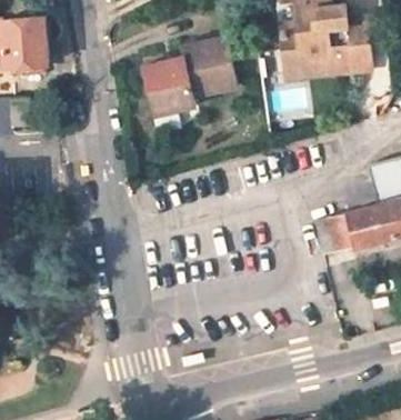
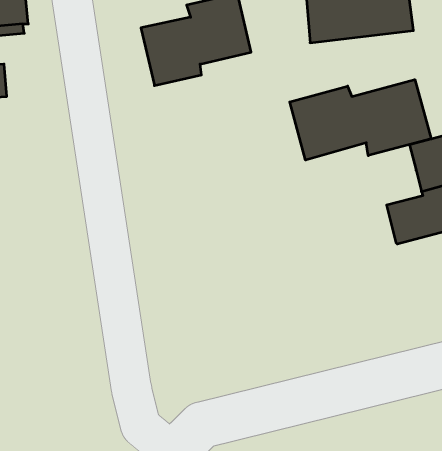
building: none -> [290,80,431,160]
building: [312,212,355,256] -> none

